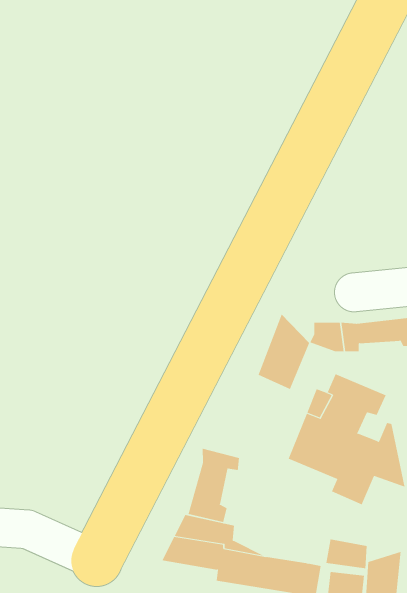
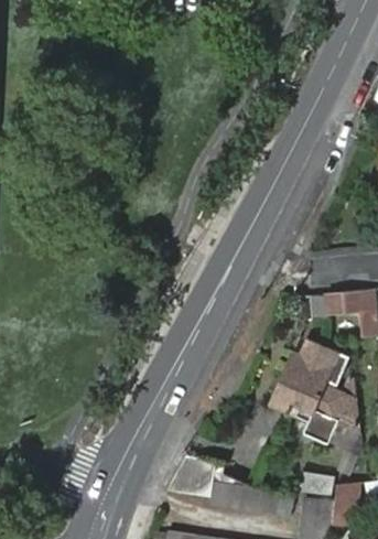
building: [258,313,310,390] -> none
building: [188,448,240,523] -> none

